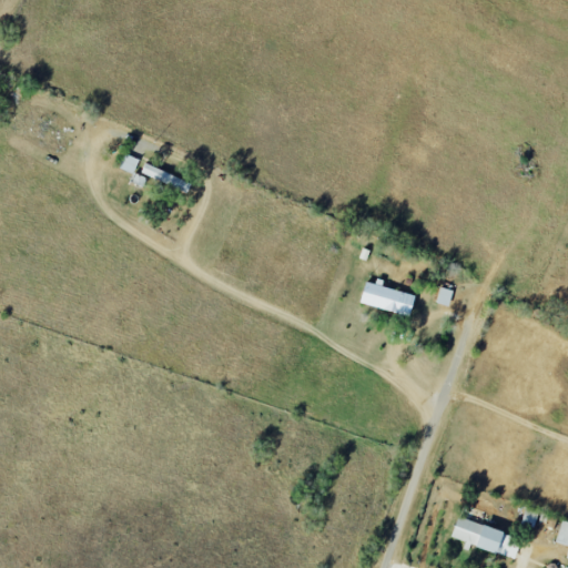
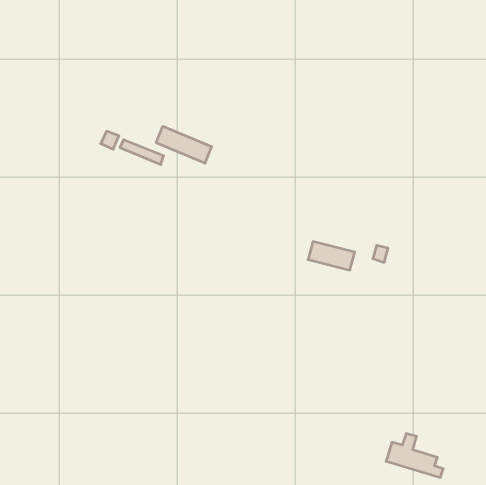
building: none -> [156,126,212,163]

